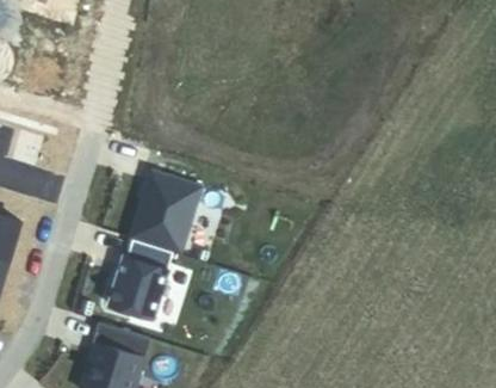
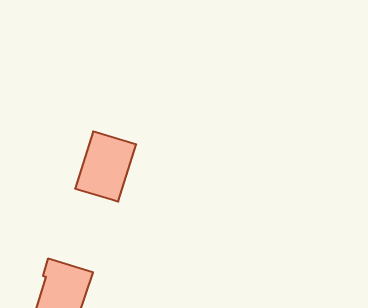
building: [108,241,173,320] -> none

